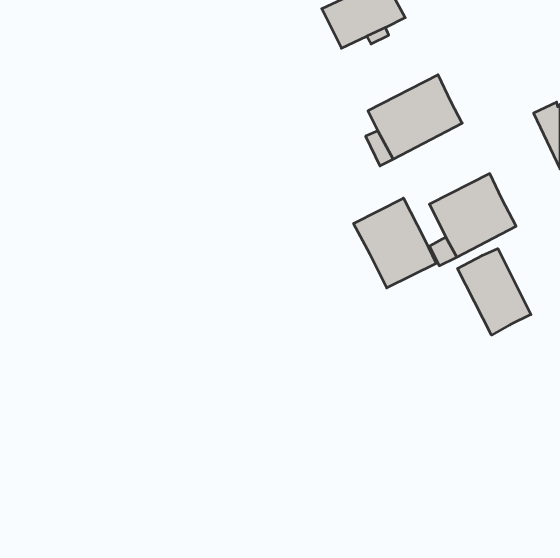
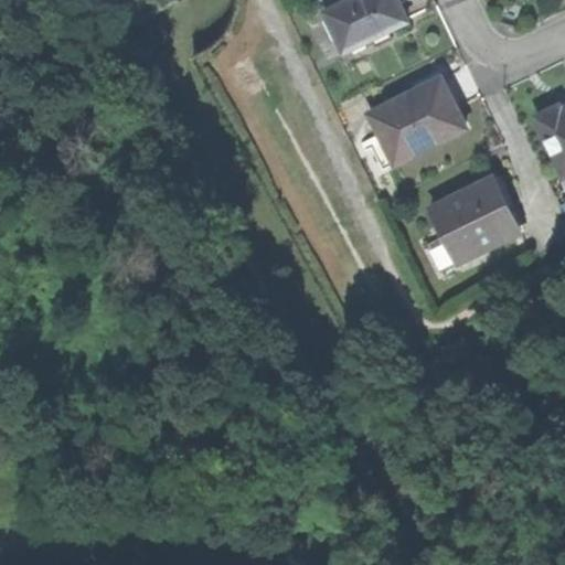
building: [354,198,436,288] -> none
building: [458,249,531,335] -> none

